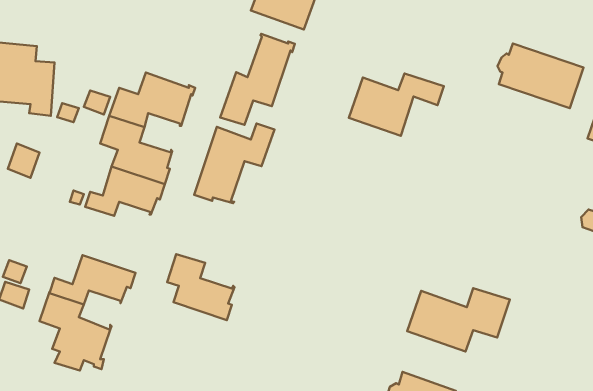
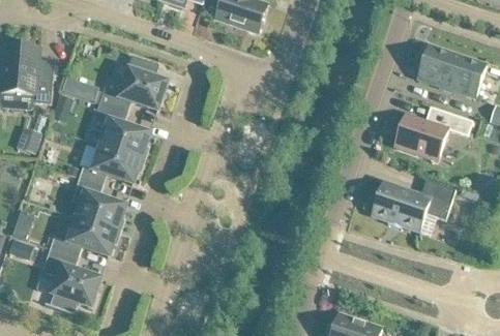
building: [220,34,295,125] -> none
building: [349,74,444,136] -> [394,110,472,160]
building: [194,124,275,203] -> none
building: [167,254,234,320] -> [71,178,126,232]
building: [407,288,510,352] -> [372,179,455,231]

